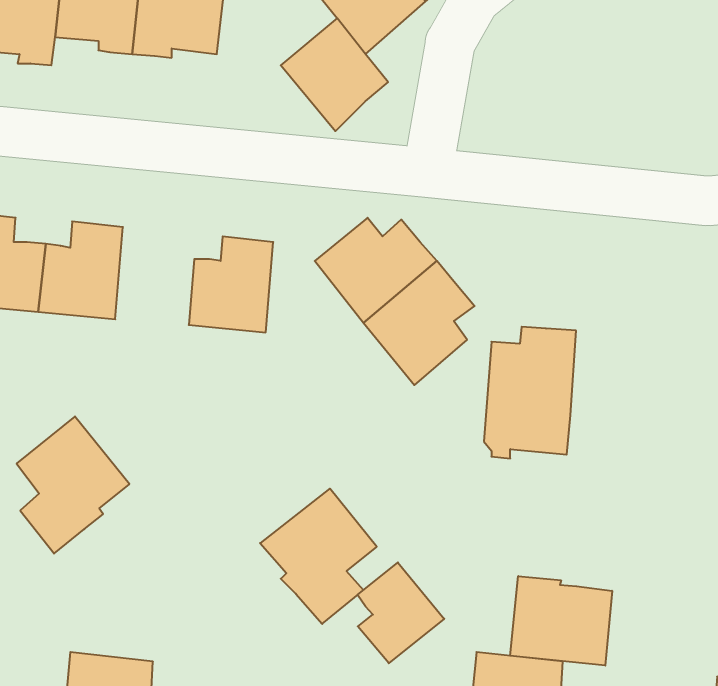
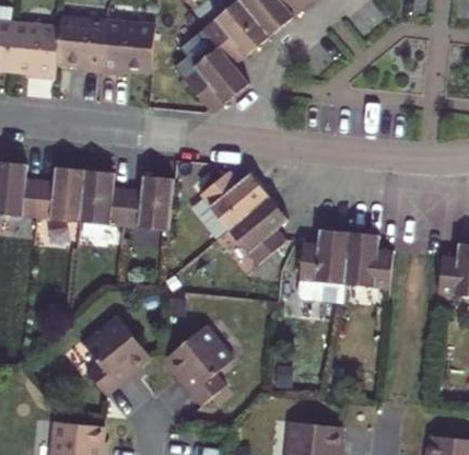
building: none -> [83,173,129,230]
building: none -> [348,233,391,285]
building: [17,416,129,554] -> [84,315,150,395]
building: [358,562,444,663] -> none
building: [510,576,612,666] -> none

